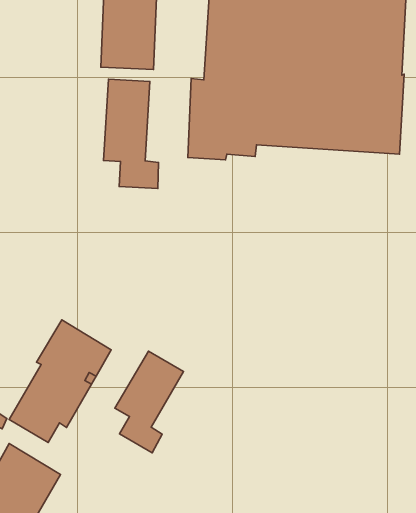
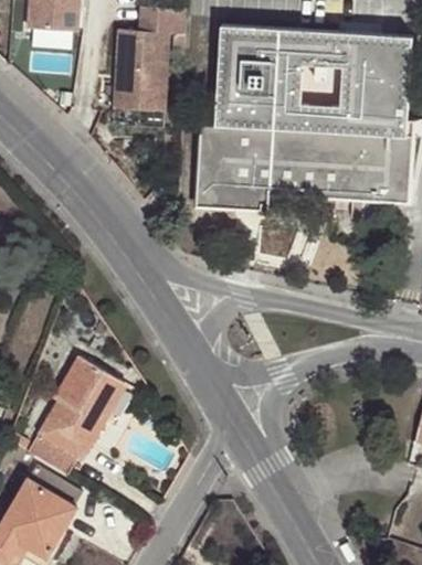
building: [104,79,158,189] -> none
building: [115,351,183,453] -> none

